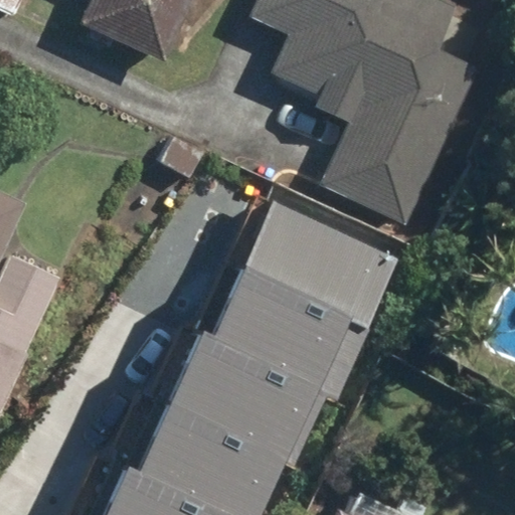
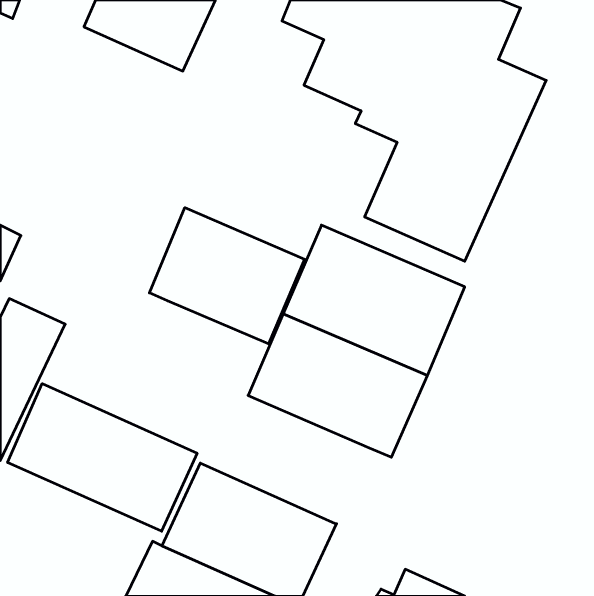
building: none -> [149,208,305,344]
building: none -> [8,384,197,531]
building: [174,335,320,452] -> none

